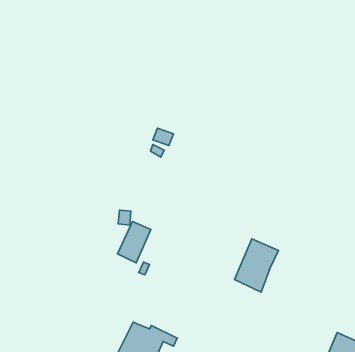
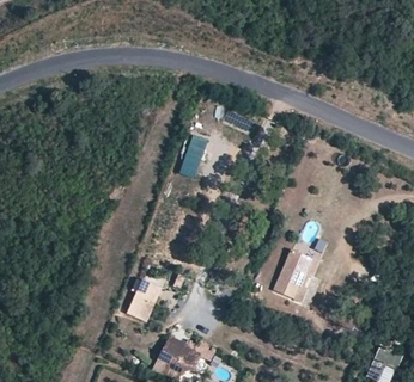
building: [118,221,151,263] -> [127,278,162,321]

